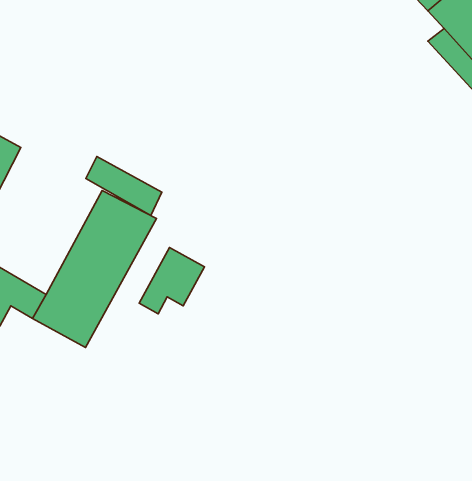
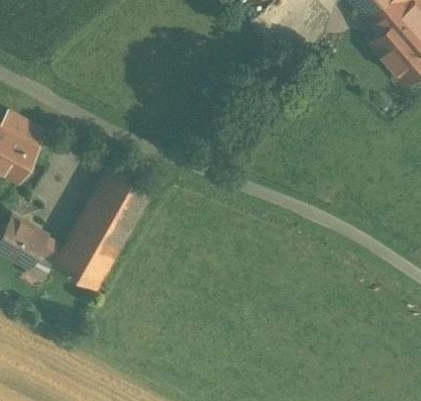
building: [86,157,162,216] -> none
building: [139,248,205,314] -> none

